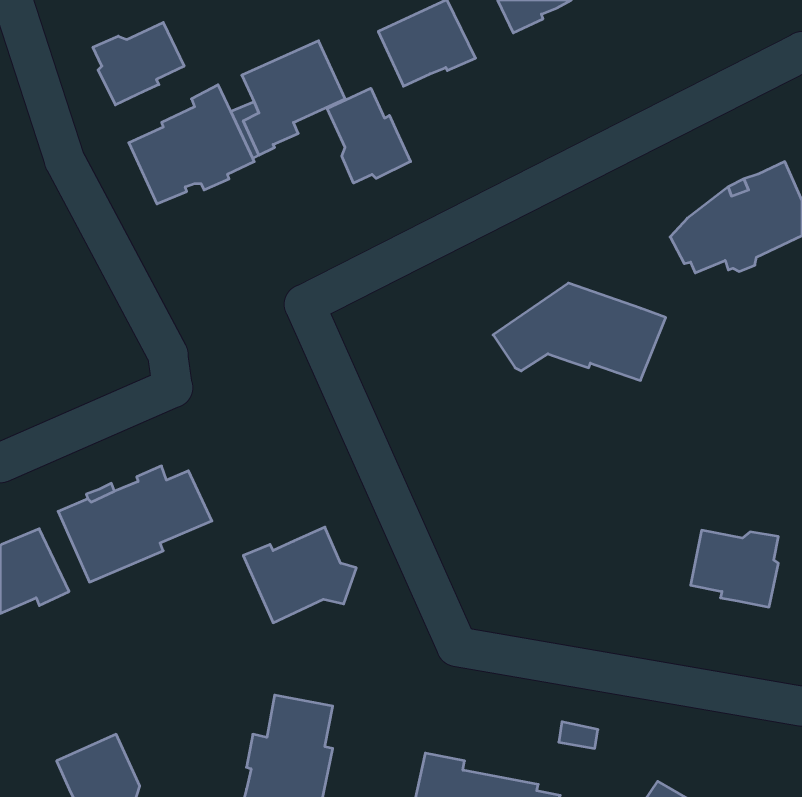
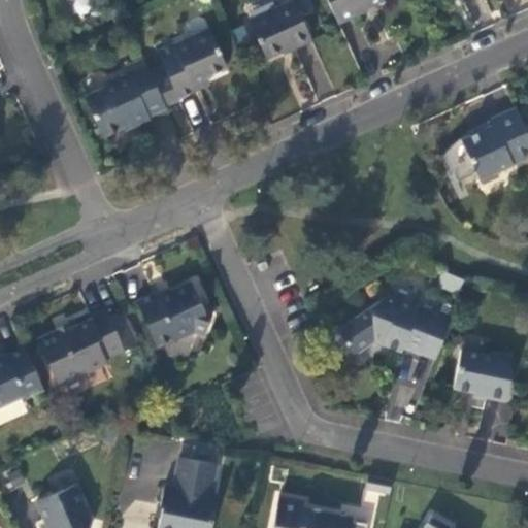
building: [93,22,184,105] -> none
building: [327,88,411,183] -> none
building: [493,283,666,380] -> [338,297,452,361]
building: [243,527,356,623] -> [138,284,212,346]

